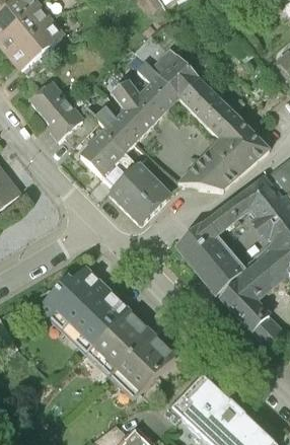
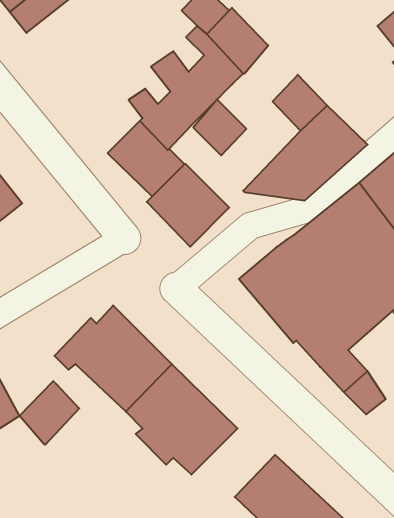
building: [178,78,217,119] -> [193,99,246,155]
building: [29,83,81,140] -> none
building: none -> [20,381,79,445]

